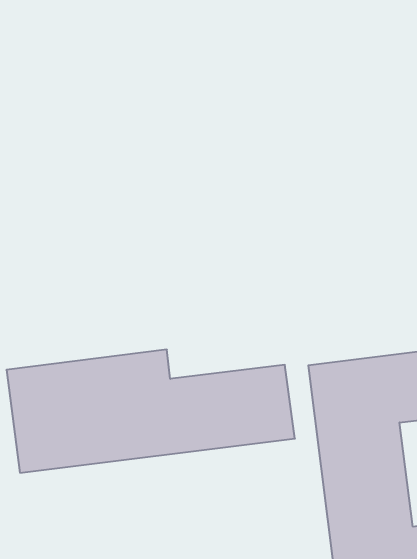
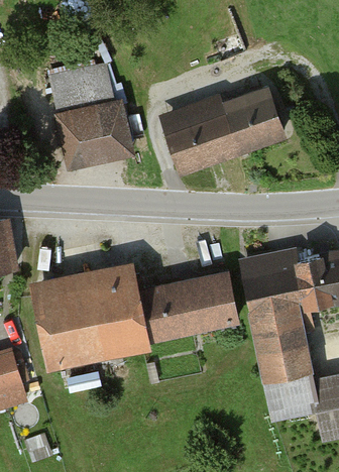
building: none -> [48,62,138,166]
building: none -> [163,90,292,174]

